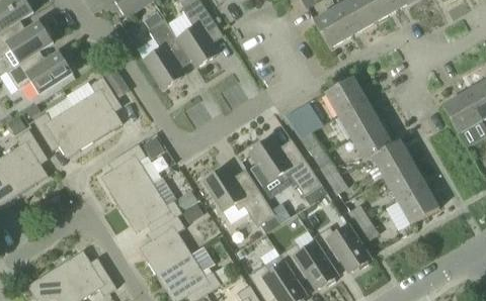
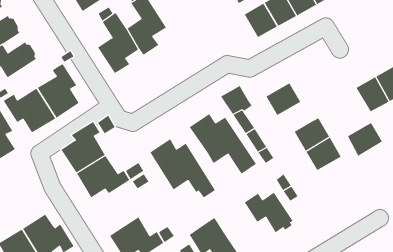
building: [324,77,366,115] -> none
building: [350,121,391,161] -> none
building: [397,185,438,224] -> [347,122,383,156]
building: [139,214,190,276] -> none
building: [278,241,337,289] -> none

